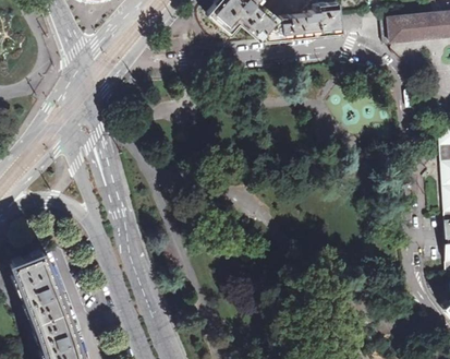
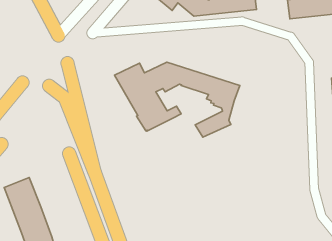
building: none -> [115,62,240,137]

